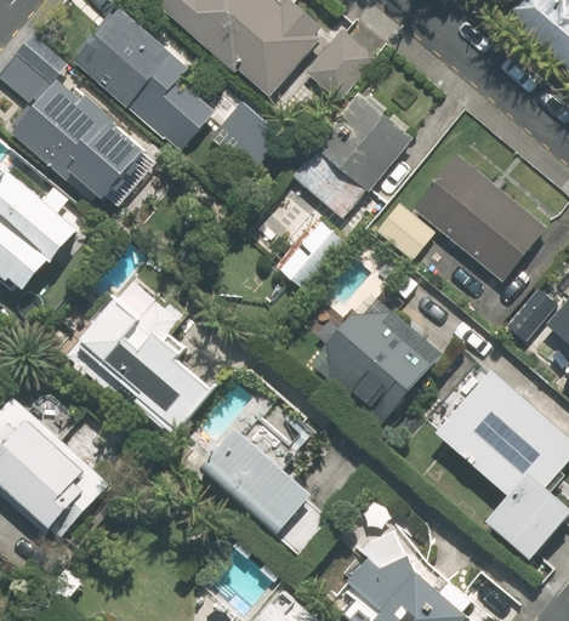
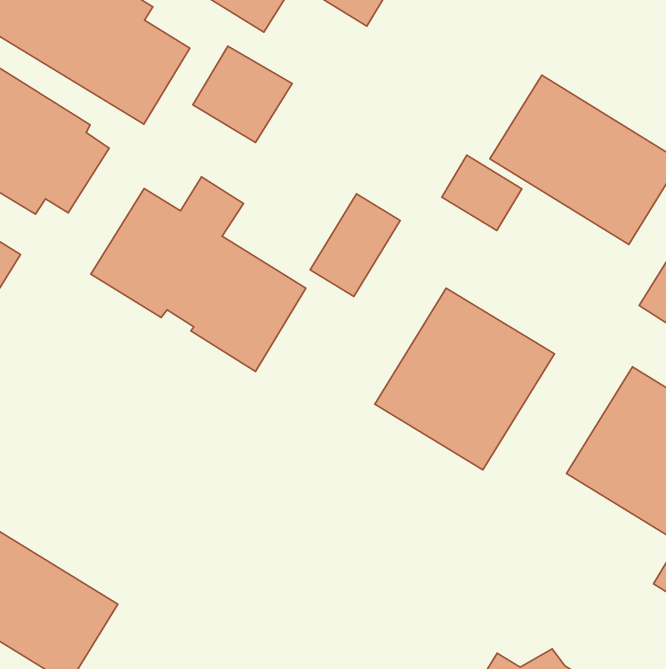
building: [291,93,412,220] -> none
building: [69,295,218,437] -> [91,177,306,372]
building: [199,428,322,549] -> none

